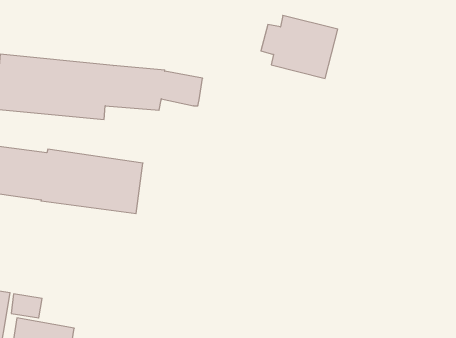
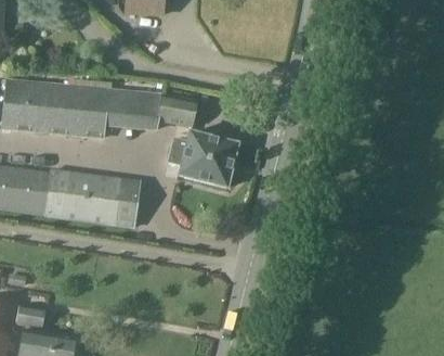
building: [261,15,338,78] -> [167,129,239,189]

